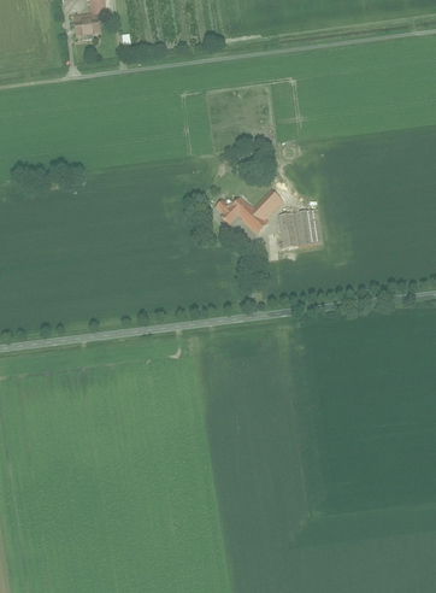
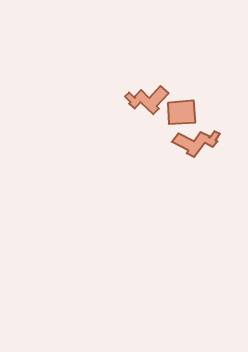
building: none -> [172,131,220,157]

